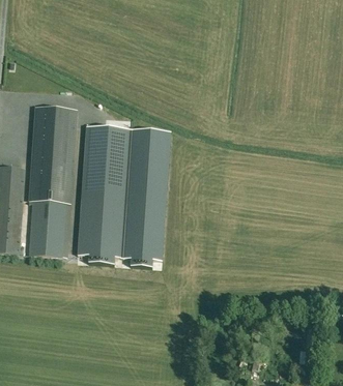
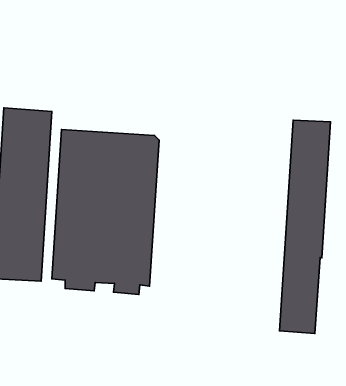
building: none -> [279,120,331,334]

